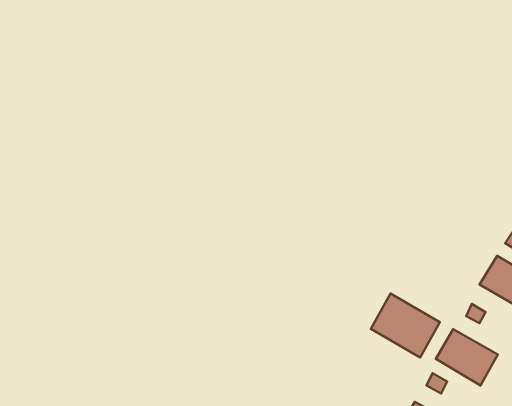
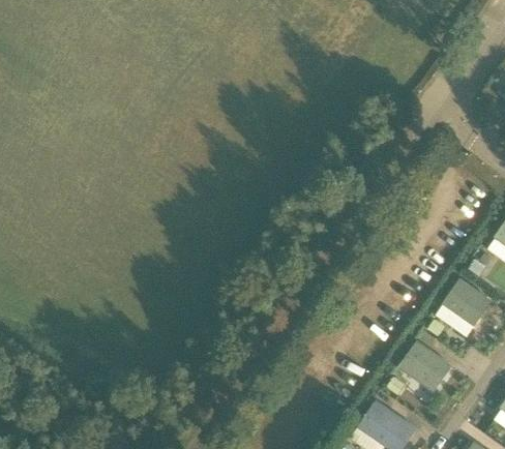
building: [371,293,440,358] -> none

